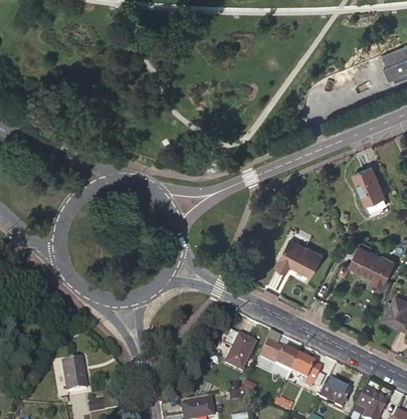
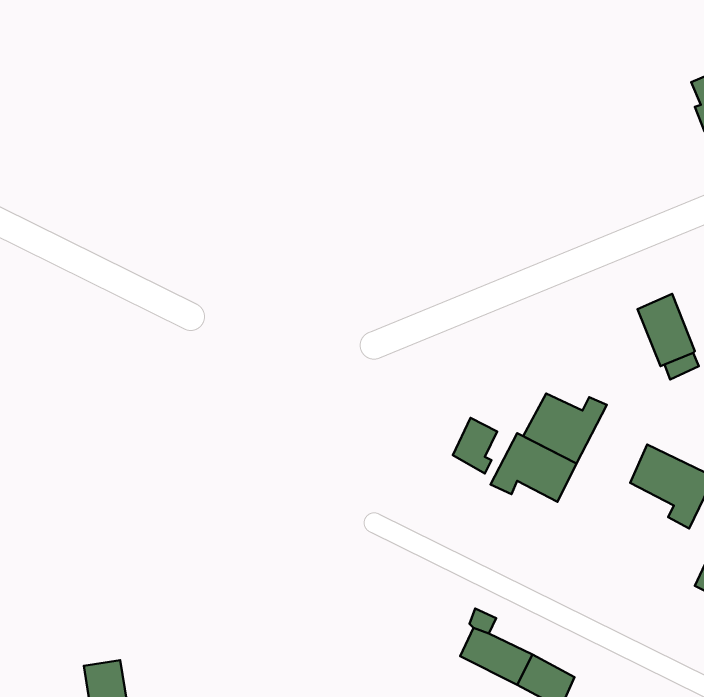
building: none -> [523,394,607,464]
building: none -> [453,418,497,473]
building: [225,330,255,369] -> none

